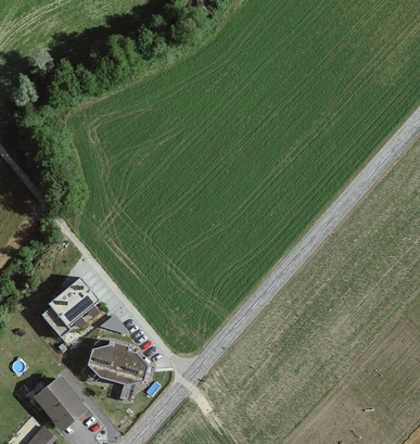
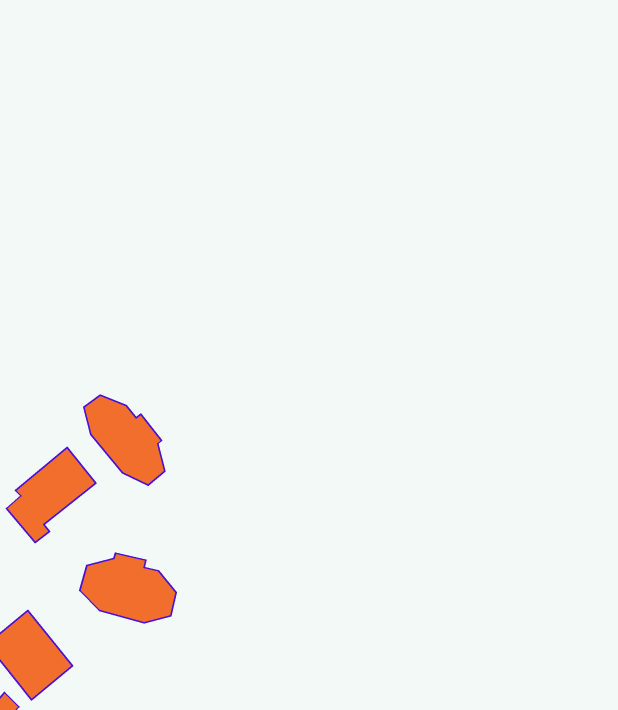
building: none -> [84,395,165,485]

